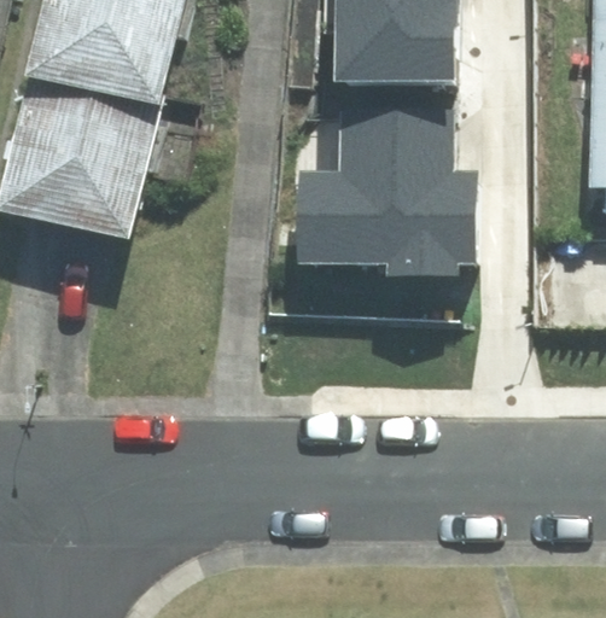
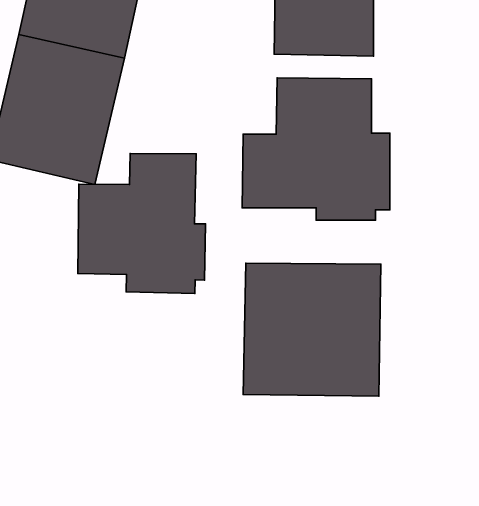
building: none -> [78,153,206,293]
building: none -> [243,263,381,396]

